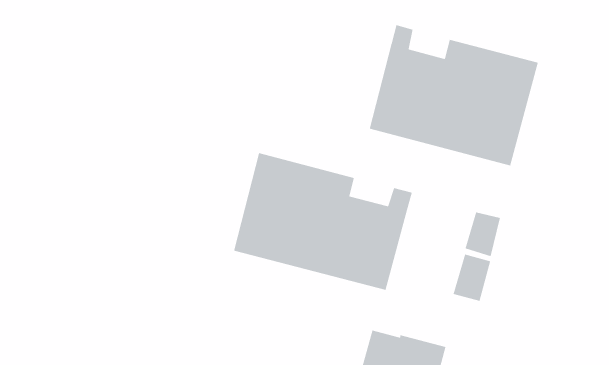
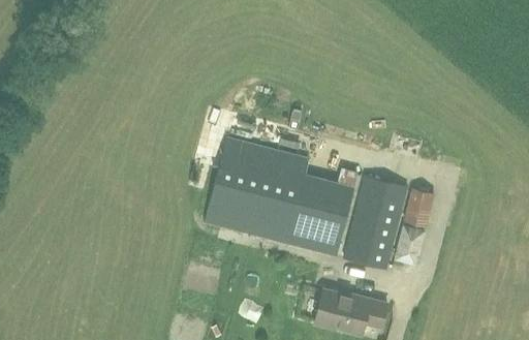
building: [369,24,539,167] -> none
building: none -> [344,175,408,268]

